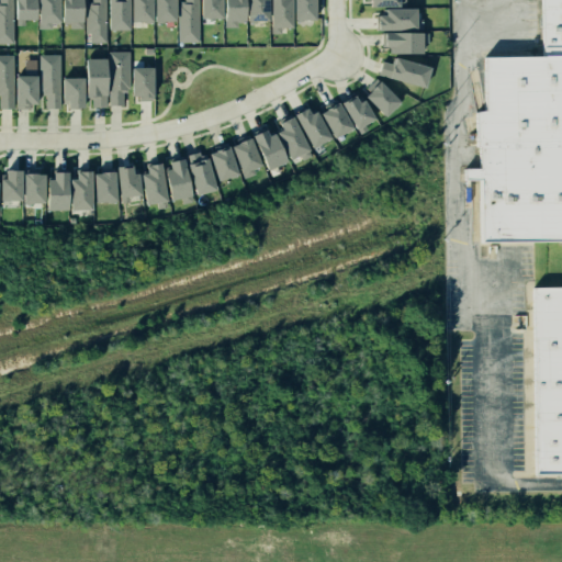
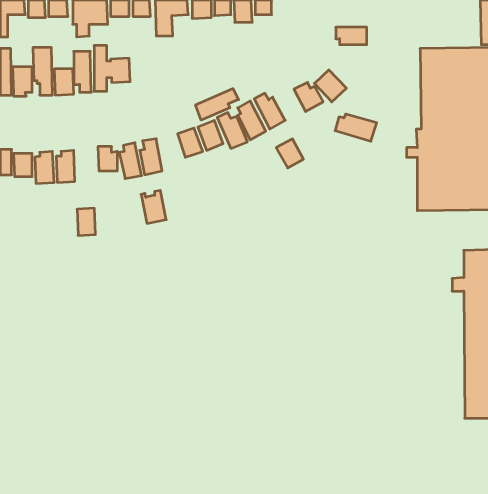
building: [383,10,417,30] -> none
building: [385,58,432,89] -> [335,114,377,141]
building: none -> [196,89,239,120]
building: [322,104,352,137] -> [276,139,303,168]
building: [187,157,215,194] -> [141,190,166,223]
building: [95,172,116,203] -> [77,208,95,235]

